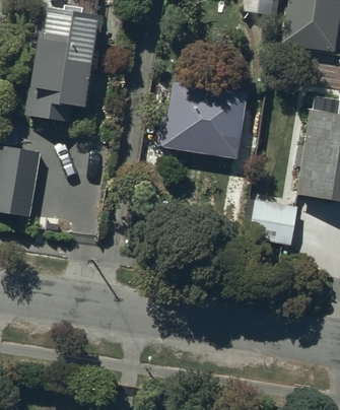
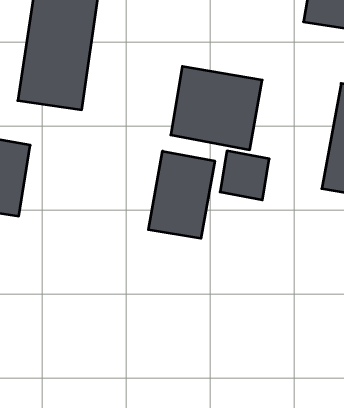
building: none -> [148,151,215,238]
building: [252,207,295,251] -> [220,151,269,200]

